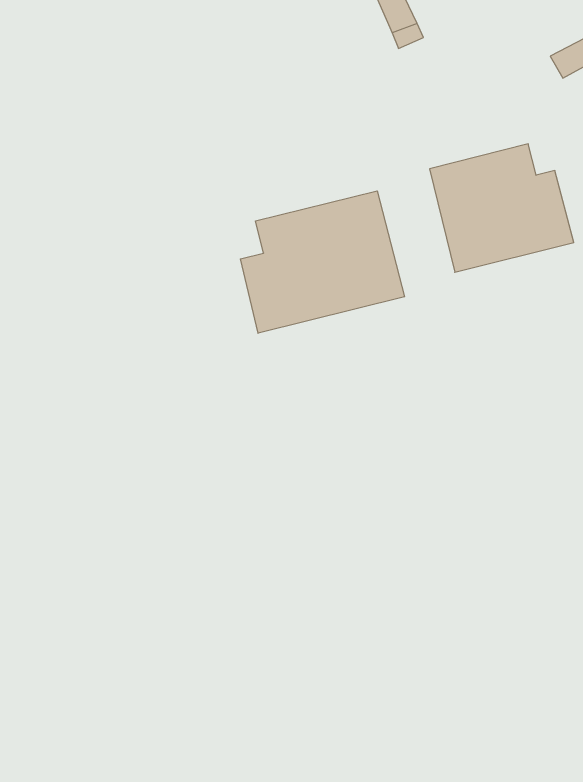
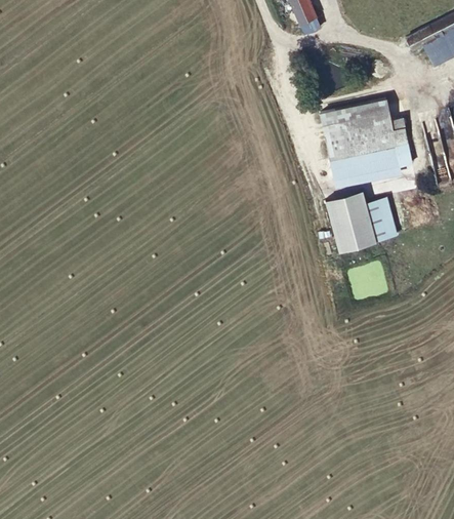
building: [240,191,405,333] -> none
building: none -> [330,191,402,252]

